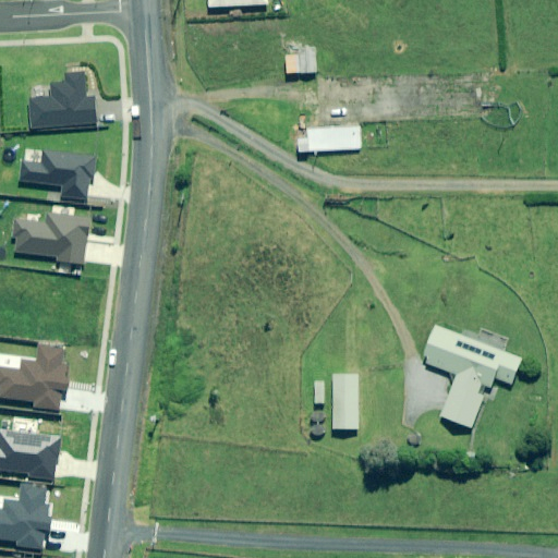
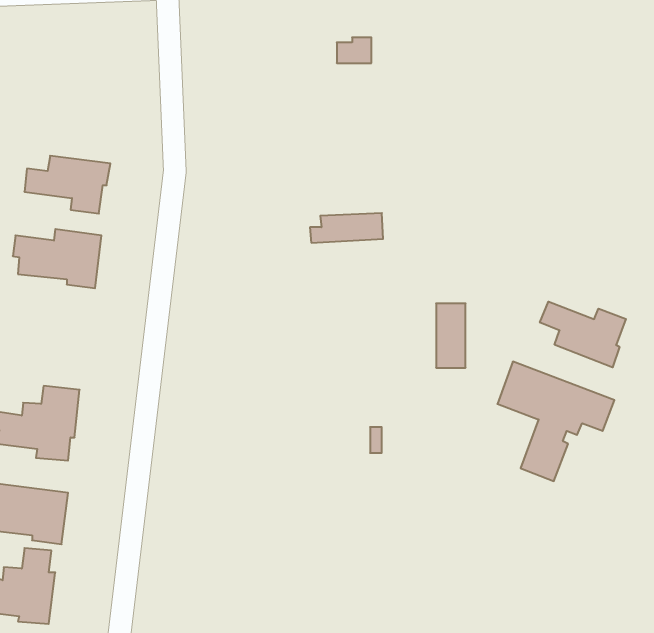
building: [26,75,95,130] -> none
building: [298,126,360,151] -> [310,213,383,243]
building: none -> [540,302,626,367]
building: [332,374,357,428] -> [436,303,466,368]

